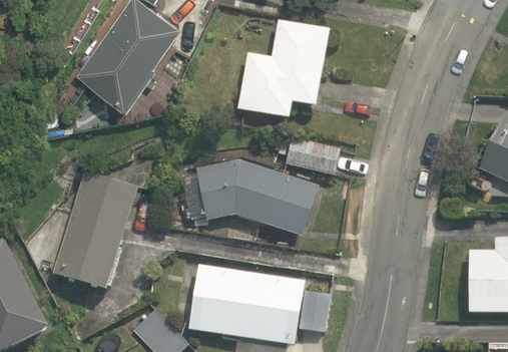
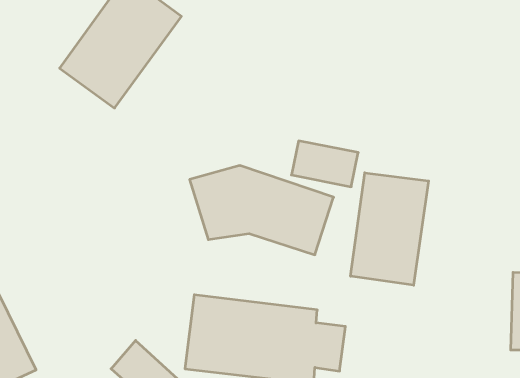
building: [230,20,330,117] -> none
building: none -> [351,173,429,285]
building: [50,170,143,292] -> none

